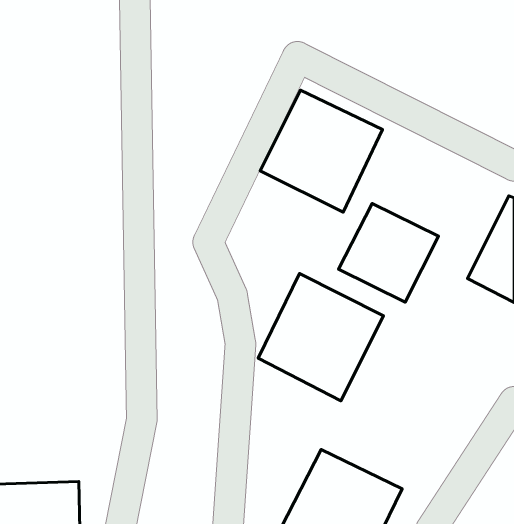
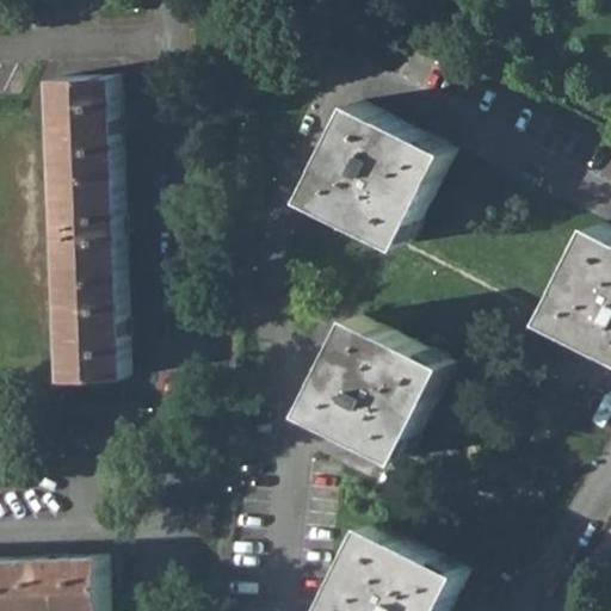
building: none -> [41,84,113,385]
building: [338,204,438,302] -> none

